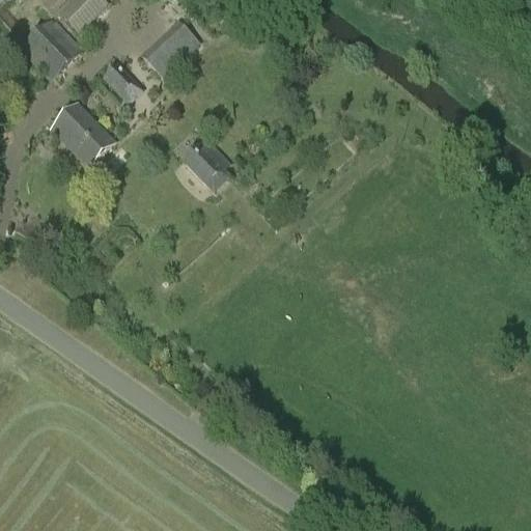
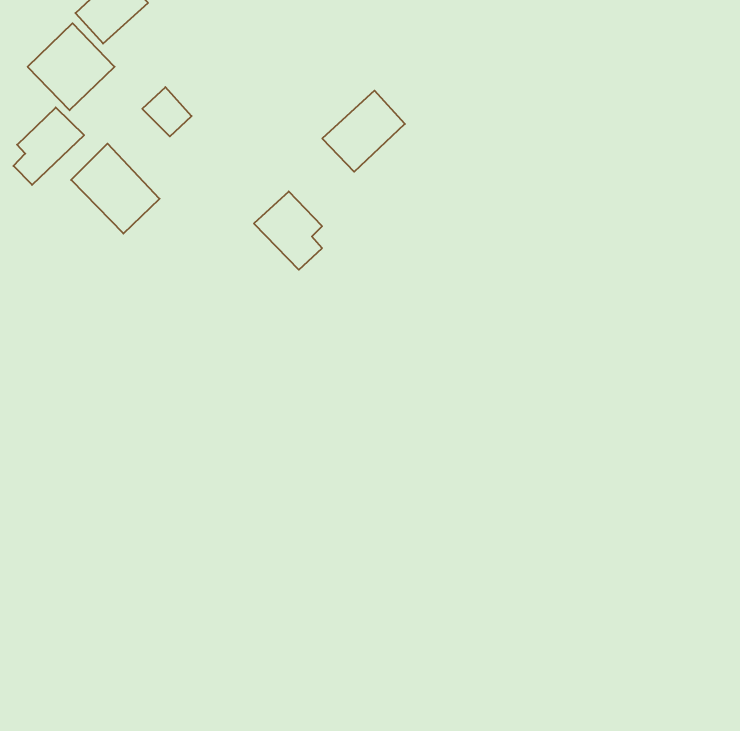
building: [140,20,199,78] -> [322,91,405,172]
building: none -> [13,107,84,185]

